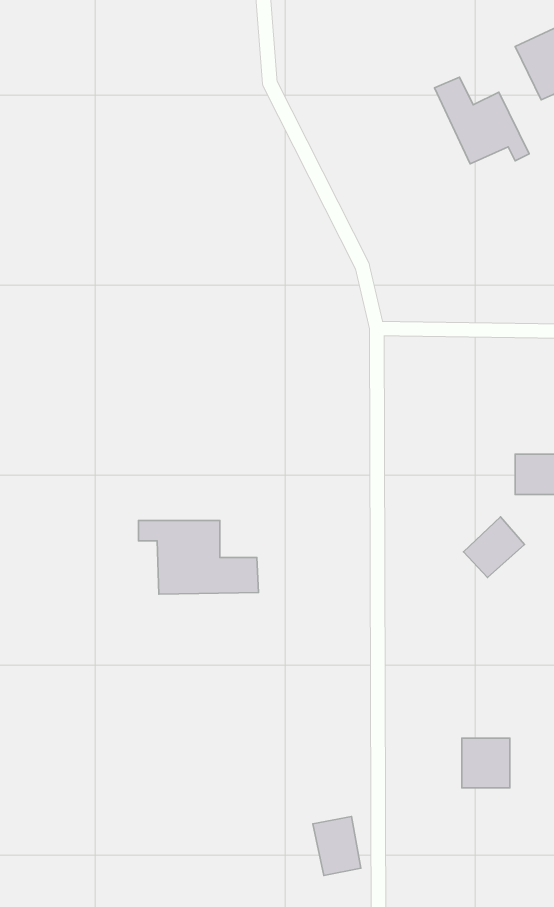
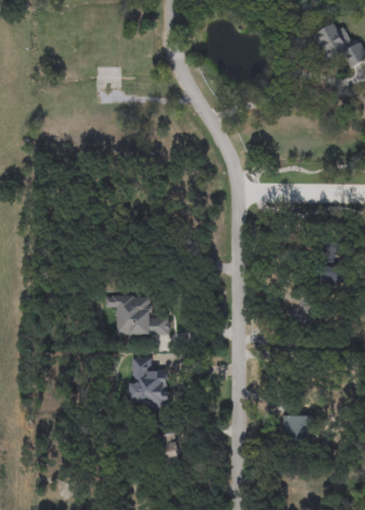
building: [434,77,529,164] -> none
building: none -> [128,356,168,408]
building: [313,817,361,876] -> [154,430,180,463]

